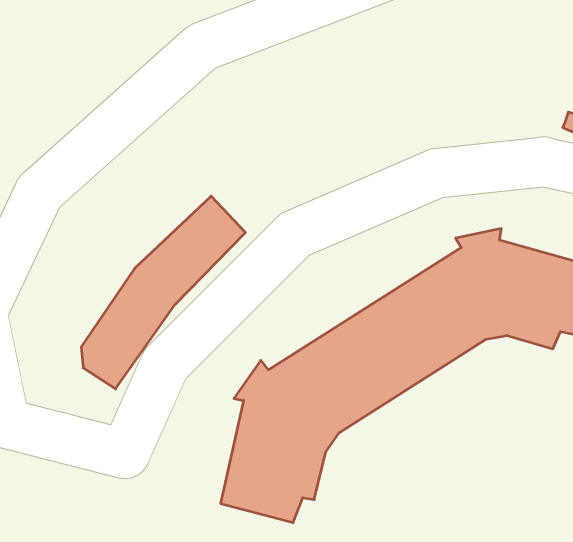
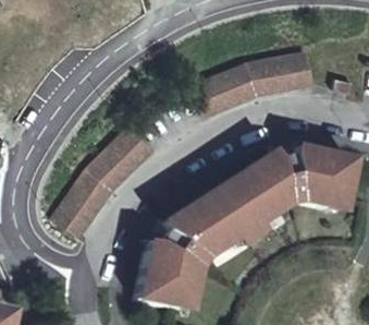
building: none -> [189,52,313,115]

